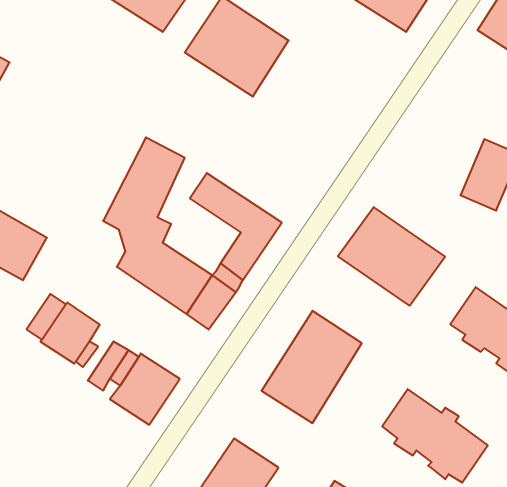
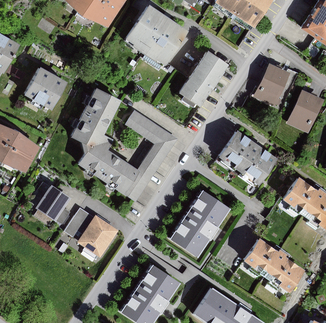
building: none -> [180,52,230,108]
building: none -> [252,63,298,109]
building: none -> [26,67,68,109]

